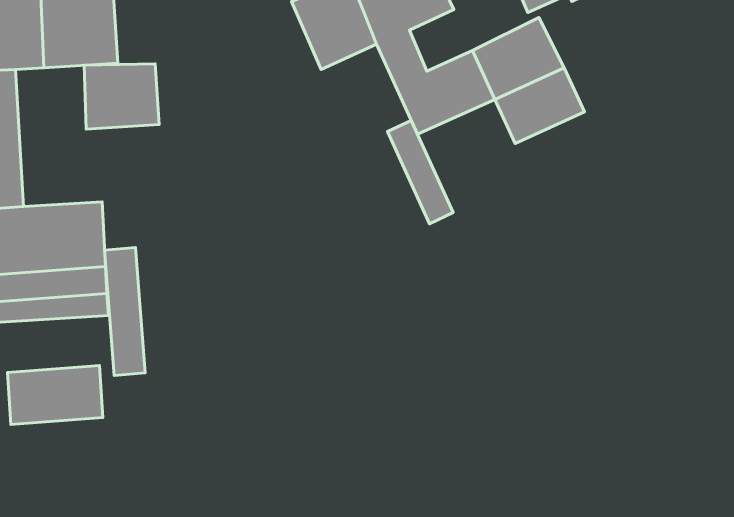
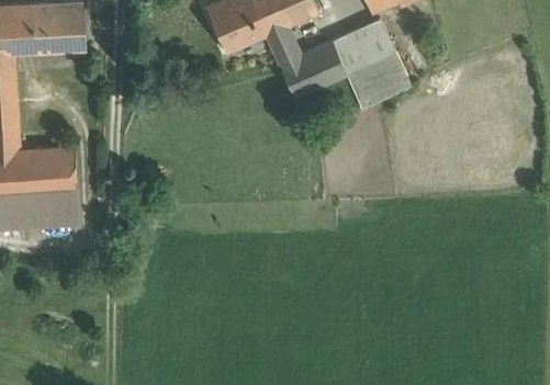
building: [84,64,159,129] -> none
building: [388,120,453,224] -> none
building: [105,247,145,376] -> none
building: [7,366,103,424] -> none

